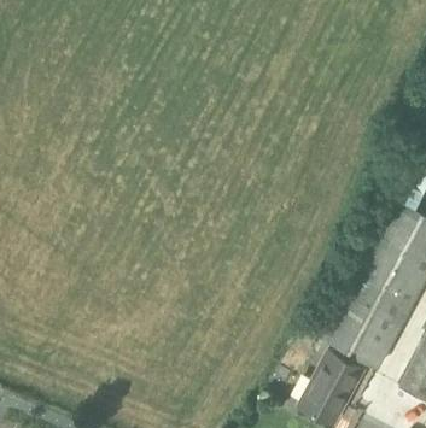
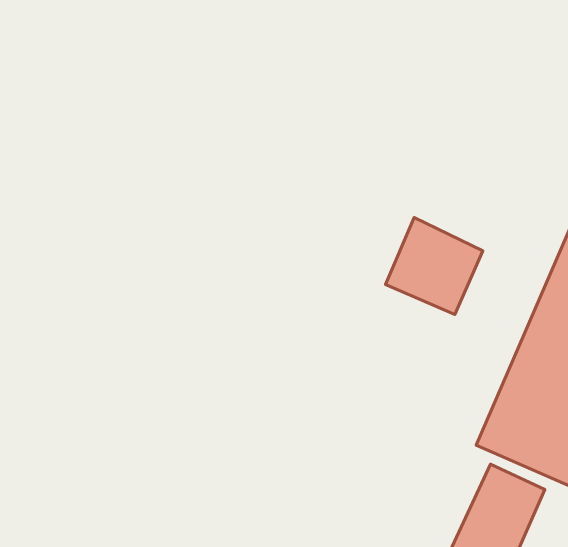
building: none -> [386,218,483,315]

